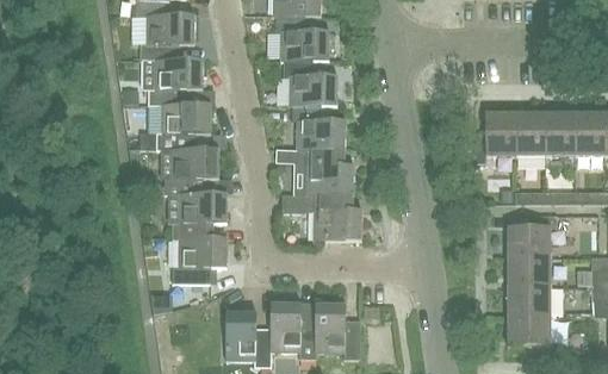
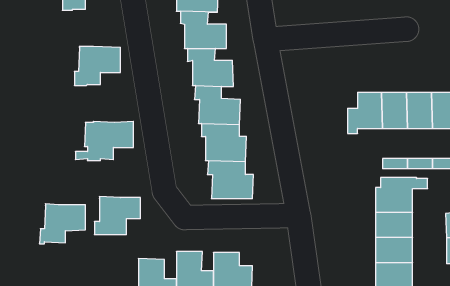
building: [141,13,196,58] -> none
building: [141,102,212,148] -> none
building: [173,191,228,238] -> [39,204,85,244]

